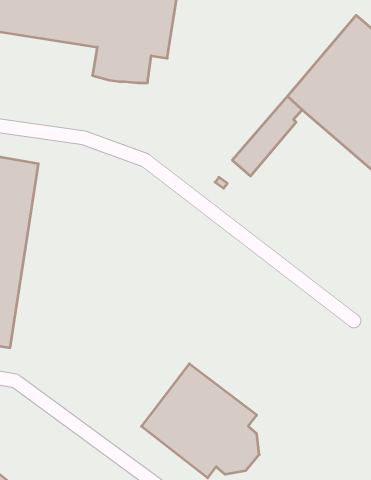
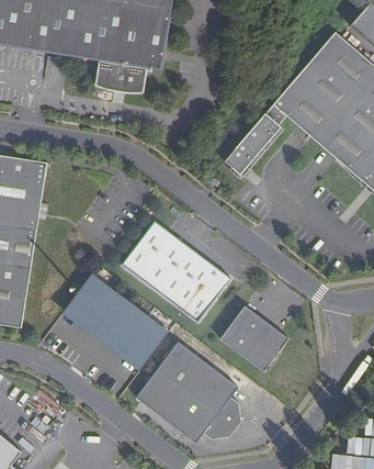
building: none -> [122,220,231,321]
building: none -> [65,272,171,370]
building: none -> [220,305,290,372]

